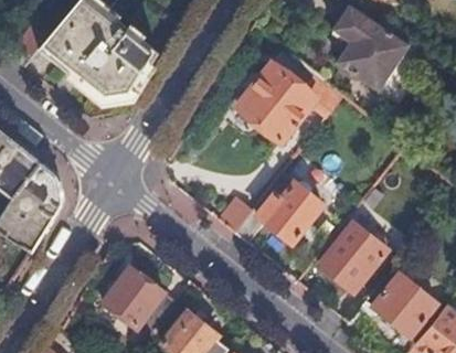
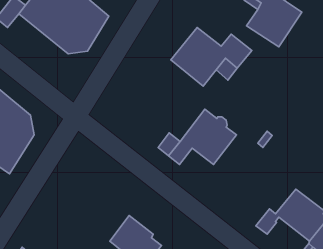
building: [317,218,390,289] -> none
building: [100,266,174,334] -> none

